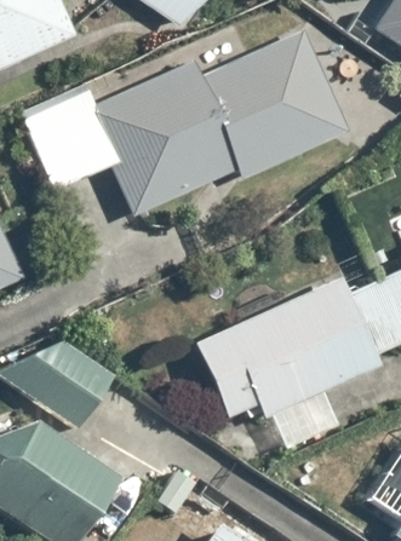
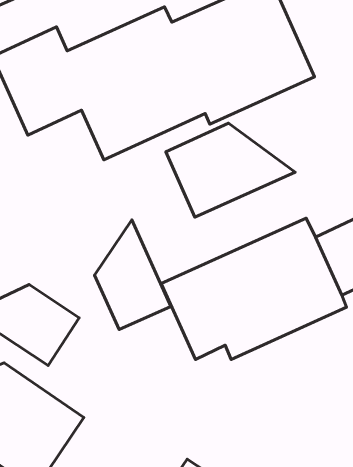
building: none -> [166,123,295,217]
building: none -> [94,220,171,329]

